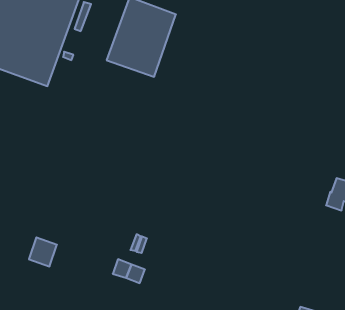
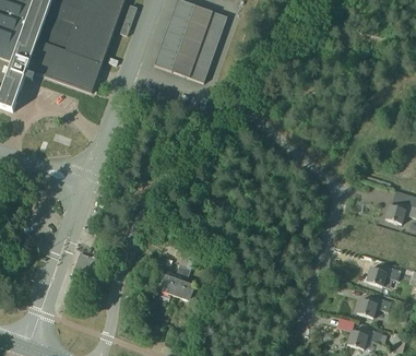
building: none -> [366,262,401,285]
building: none -> [356,293,391,317]

